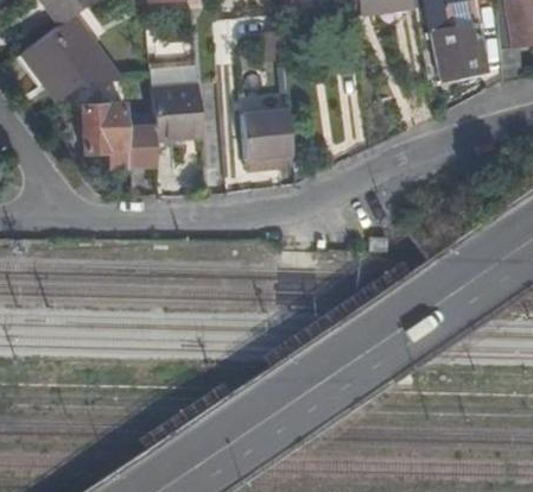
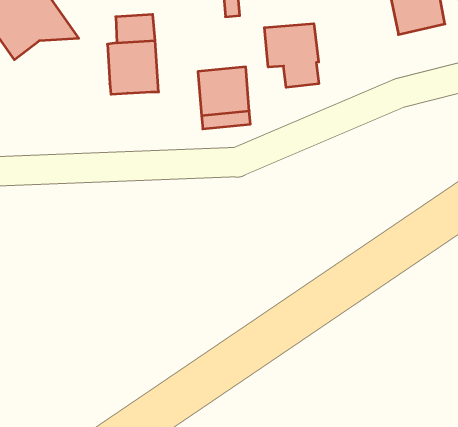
building: none -> [264,24,319,87]
building: [82,105,157,169] -> none

